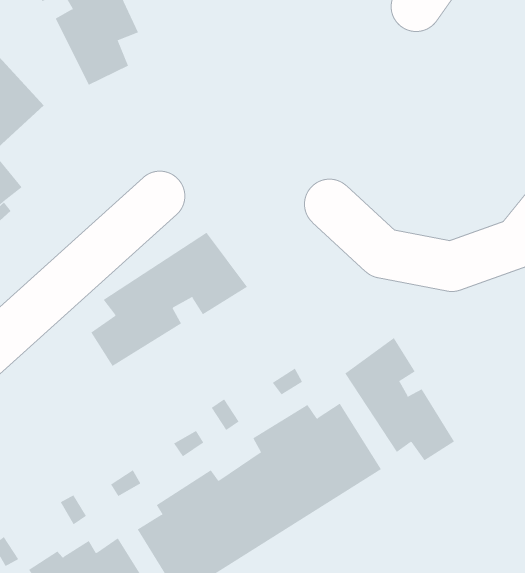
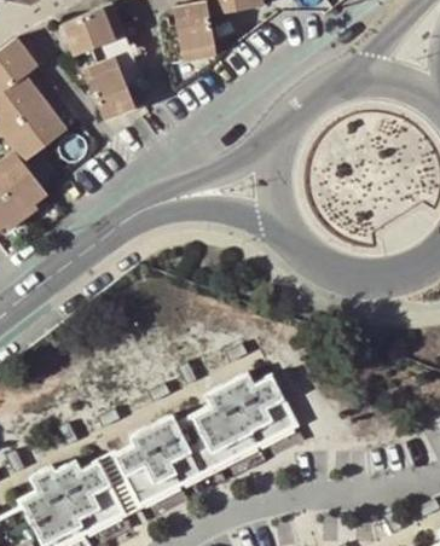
building: [91,232,248,367] -> none
building: [345,337,455,461] -> none

